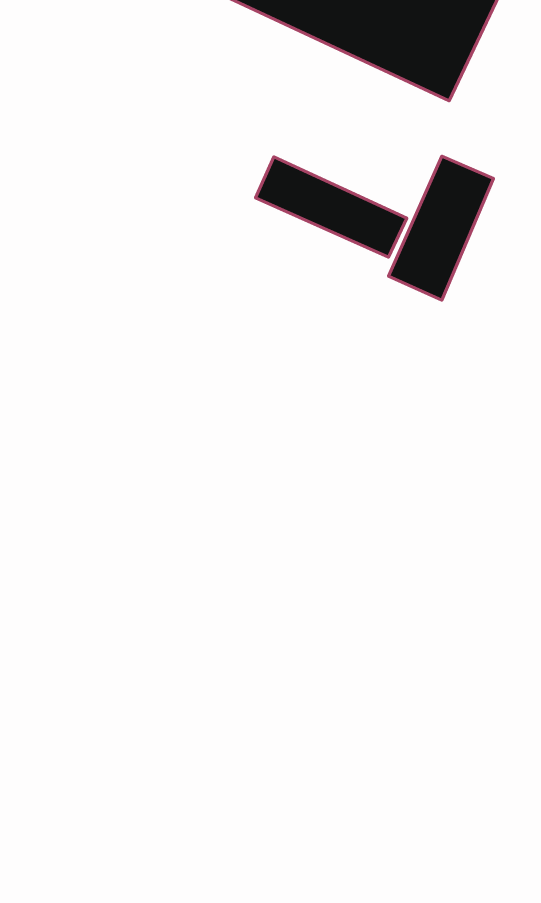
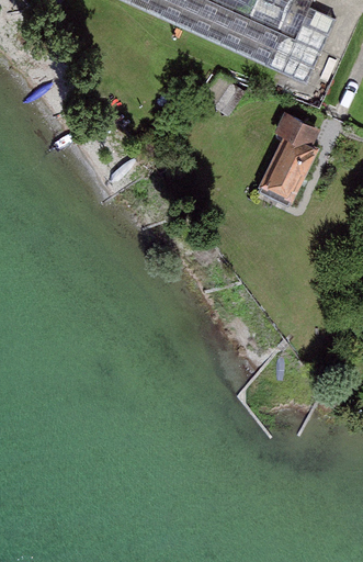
building: [256,157,407,257] -> none

